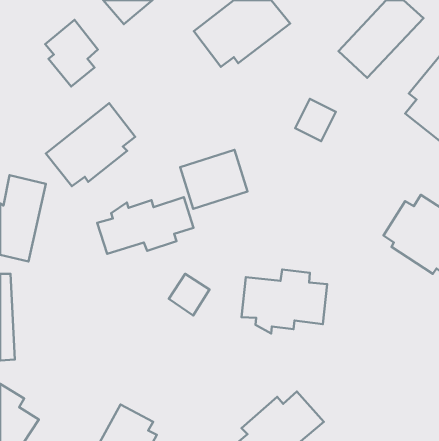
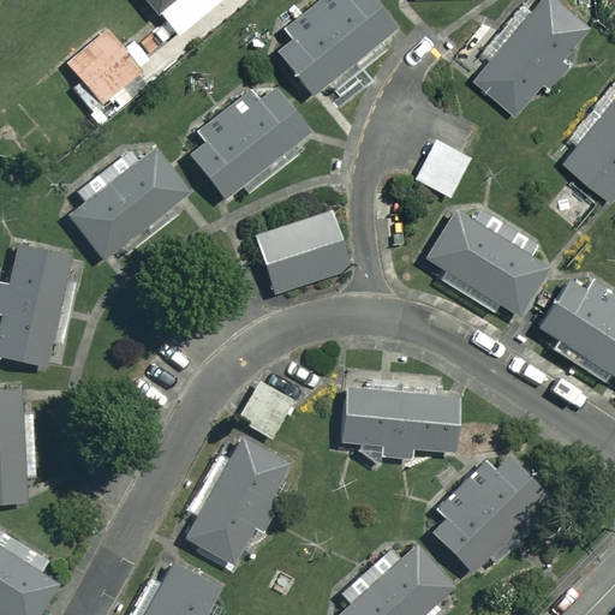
building: none -> [190,88,308,198]
building: none -> [424,210,551,318]
building: [97,197,194,254] -> none
building: none -> [184,435,309,563]
building: none -> [423,446,545,571]

